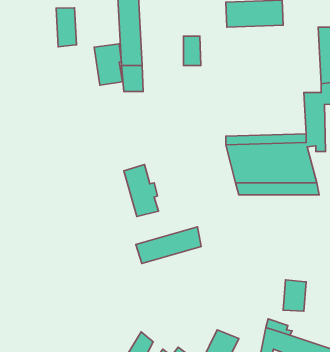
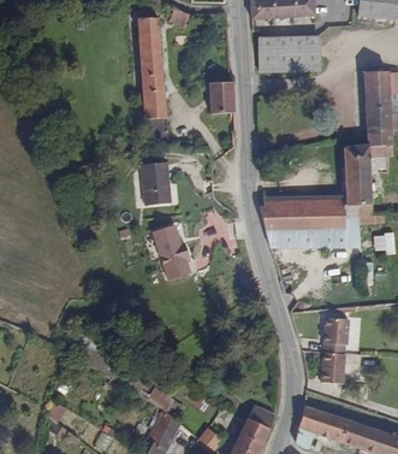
building: [56,8,77,47] -> none
building: [94,44,122,85] -> [137,158,168,204]
building: [136,227,201,263] -> none
building: none -> [326,318,351,354]

